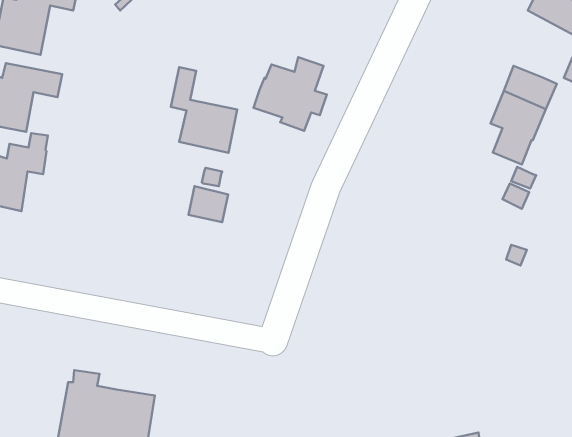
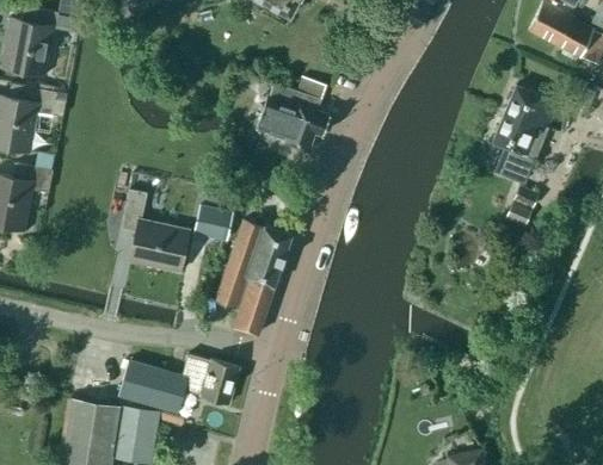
building: [171,67,237,153] -> [121,190,186,274]
building: none -> [215,219,291,335]
building: none -> [118,354,238,413]

